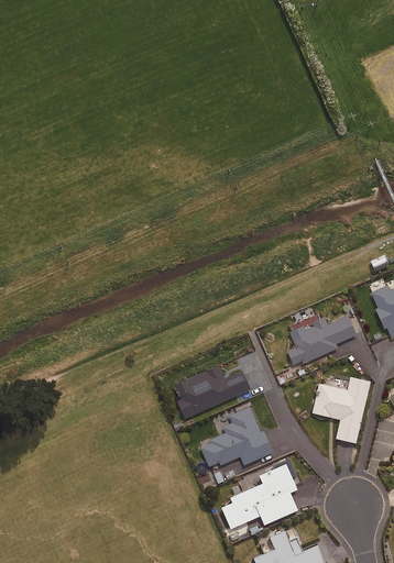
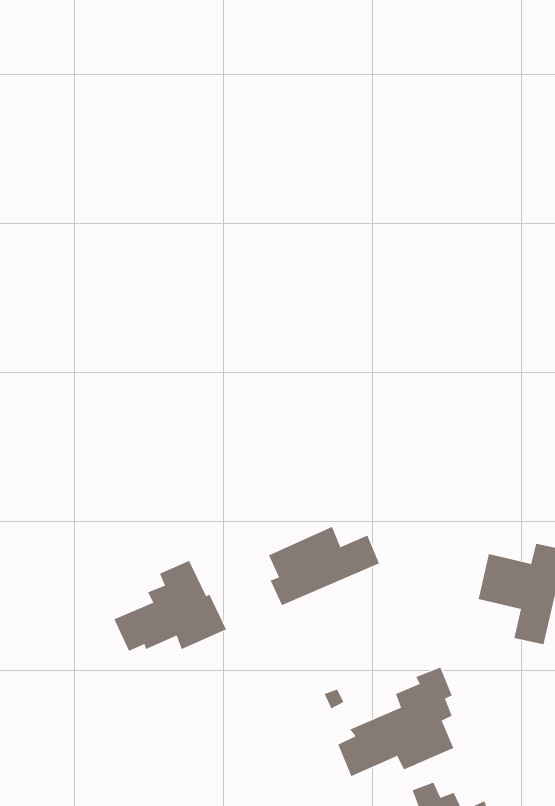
building: [287,316,355,367] -> none
building: [199,407,273,466] -> [113,560,227,651]

